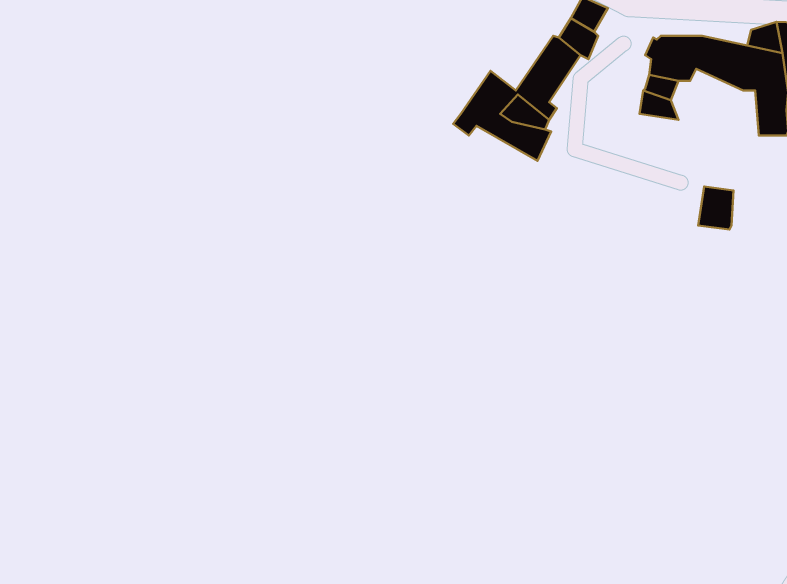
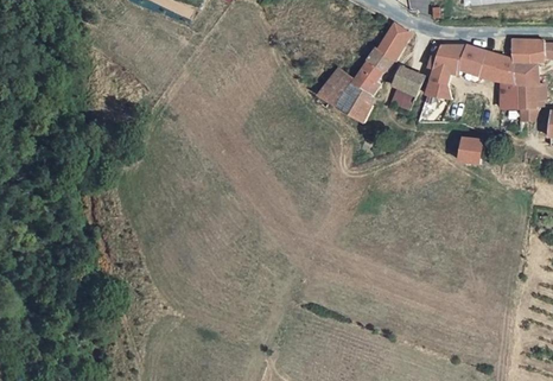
building: none -> [392,68,424,95]

